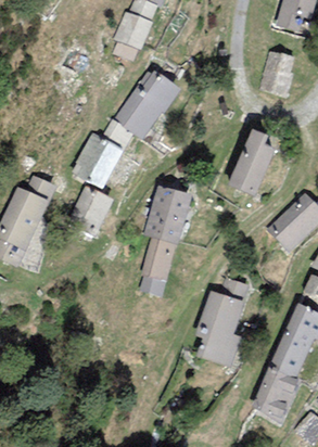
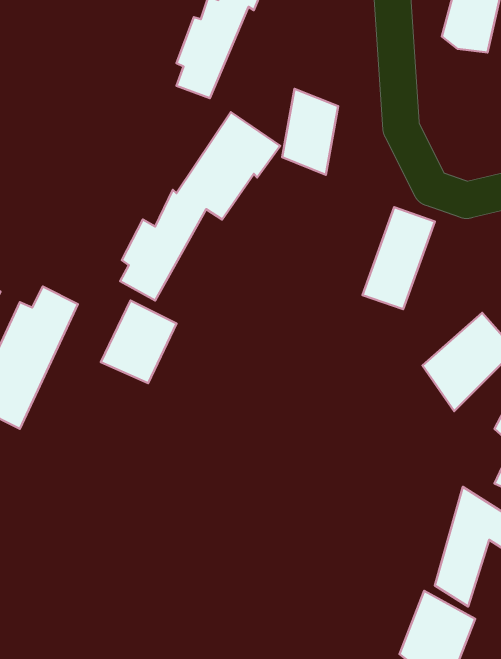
building: [263,48,297,101] -> [282,89,338,175]
building: [147,181,188,245] -> none
building: [141,237,174,284] -> none
building: [191,283,240,370] -> none

